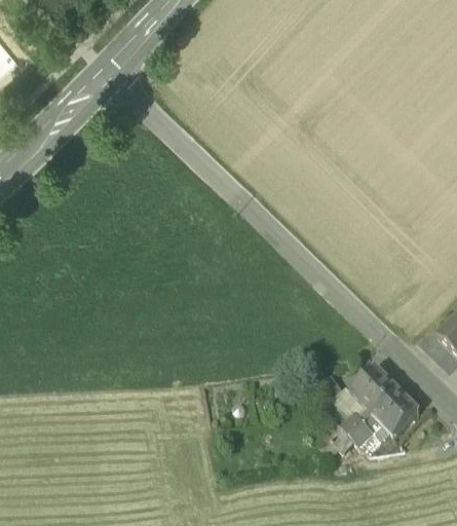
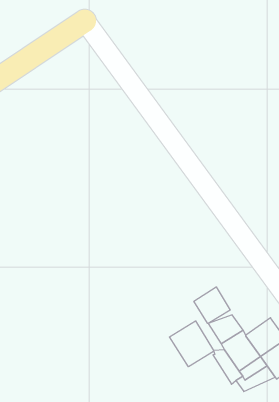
building: none -> [194,287,230,324]
building: none -> [169,321,214,367]

